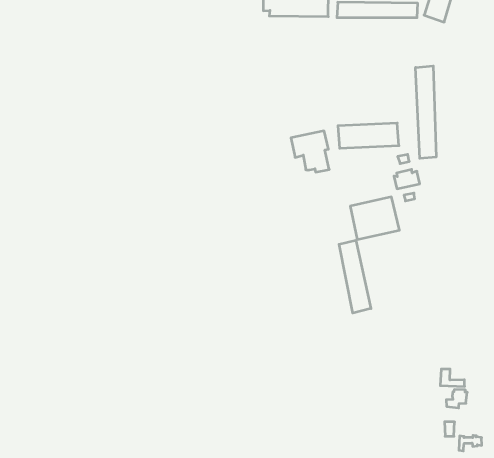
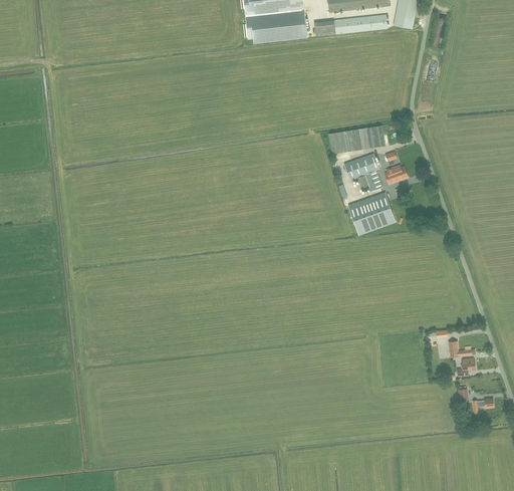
building: [416,66,436,158] -> none
building: [291,131,329,172] -> [344,153,382,191]
building: [339,240,371,313] -> none

